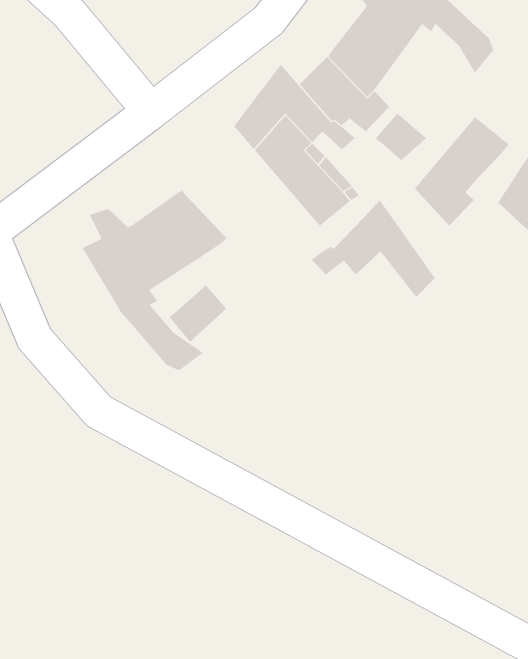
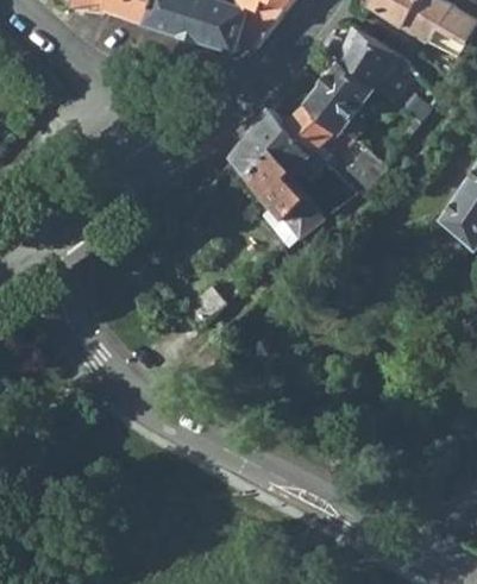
building: [414,117,509,227] -> none
building: [82,190,227,371] -> none
building: [311,200,435,298] -> none

